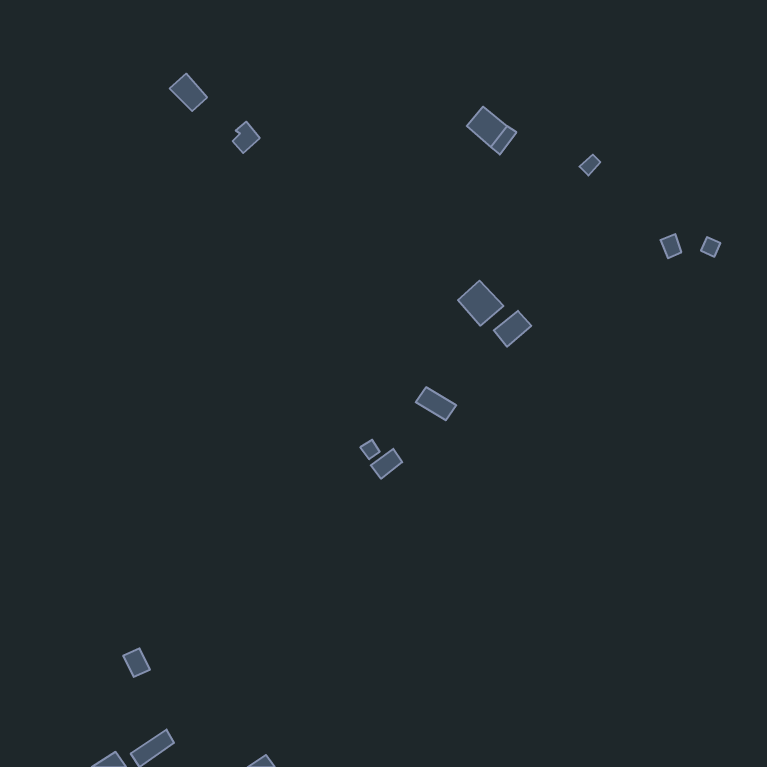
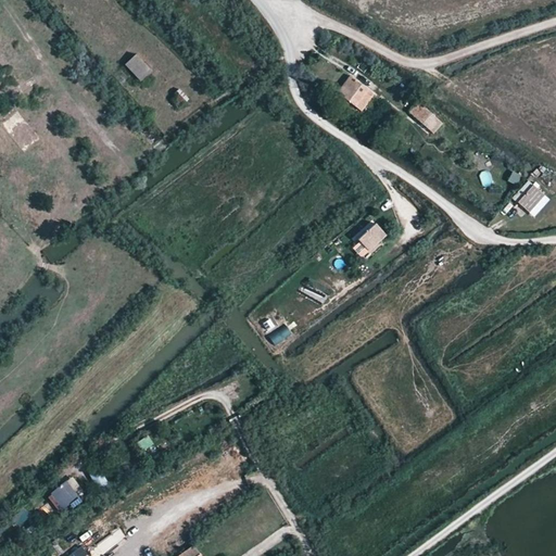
building: none -> [518,180,544,213]
building: [458,281,503,326] -> none
building: none -> [48,481,79,510]

